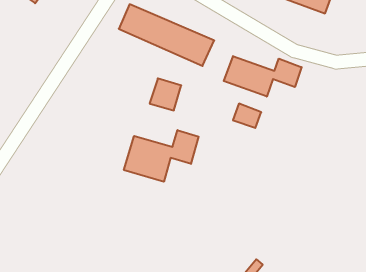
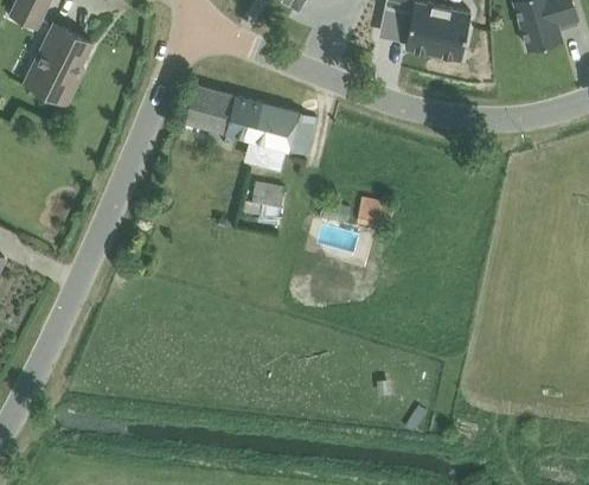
building: [224,56,302,97] -> none
building: [124,130,199,182] -> none

